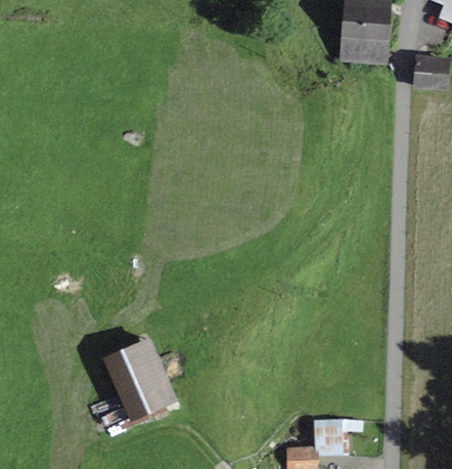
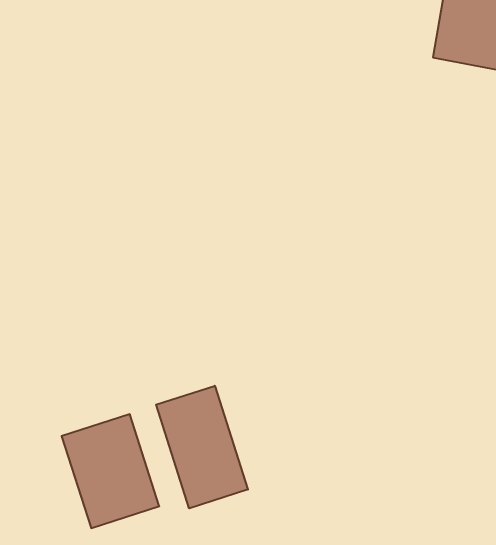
building: none -> [156,386,248,508]

